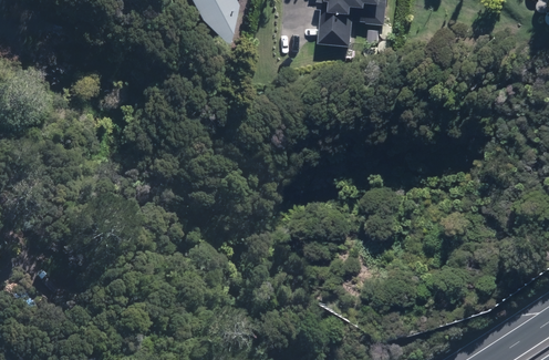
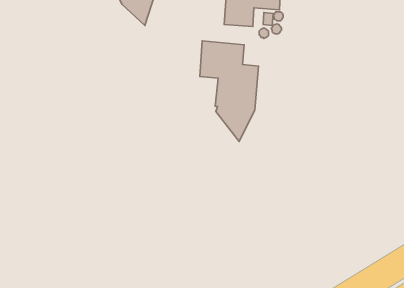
building: none -> [200,41,259,142]

